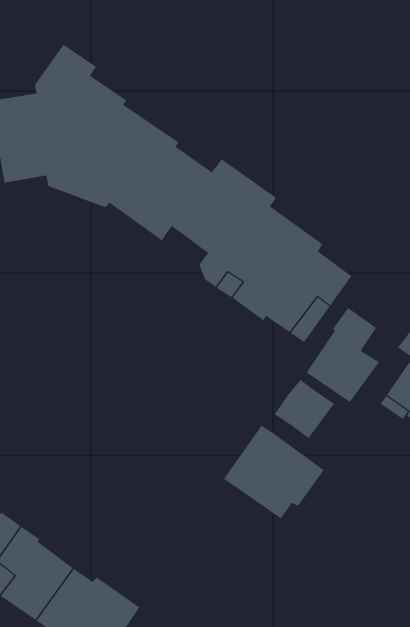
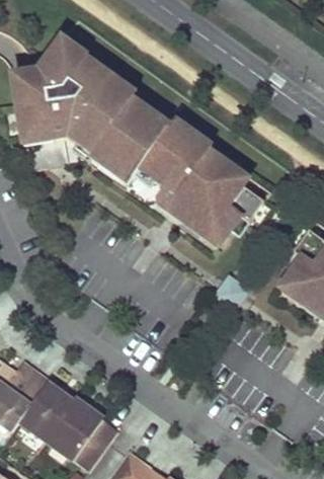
building: [306,307,380,403] -> none
building: [223,425,324,519] -> none

